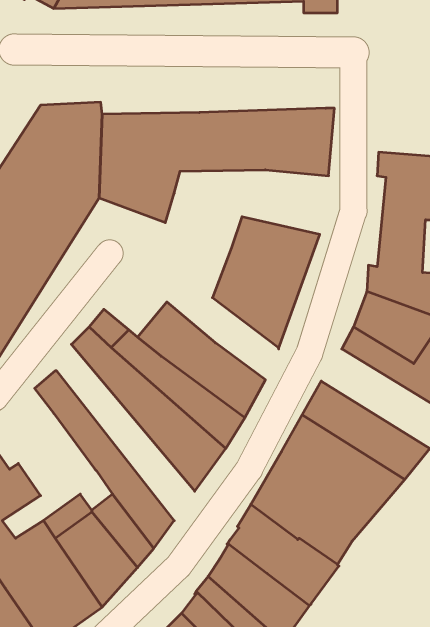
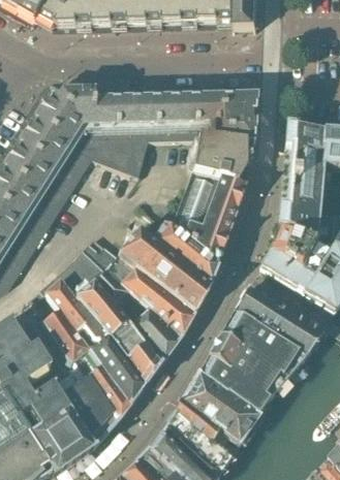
building: none -> [200,136,253,182]
building: none -> [128,204,217,284]
building: none -> [56,259,159,384]
building: none -> [41,308,89,360]

